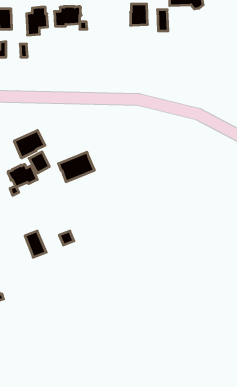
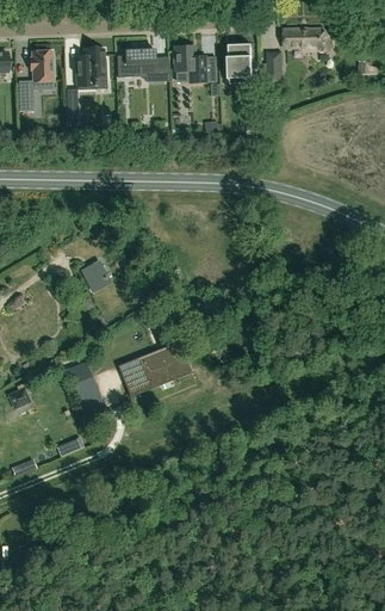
building: none -> [173,45,217,82]
building: [14,130,45,158] -> none
building: [58,152,94,182] -> [137,340,190,383]
building: [8,164,37,195] -> none

